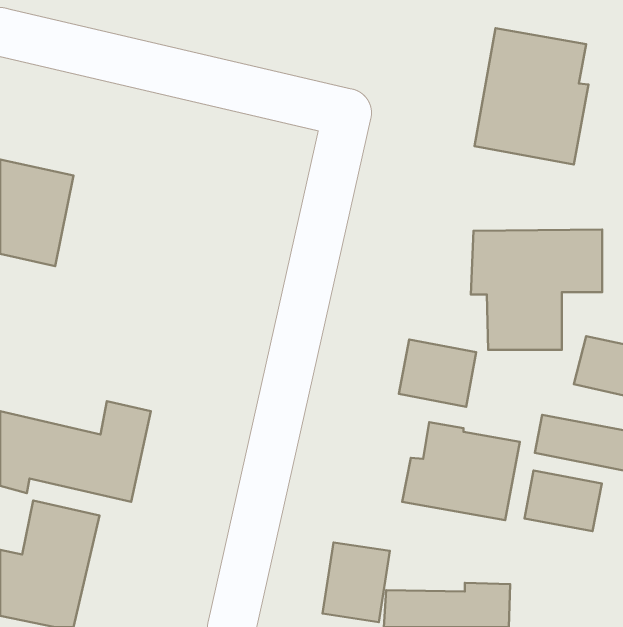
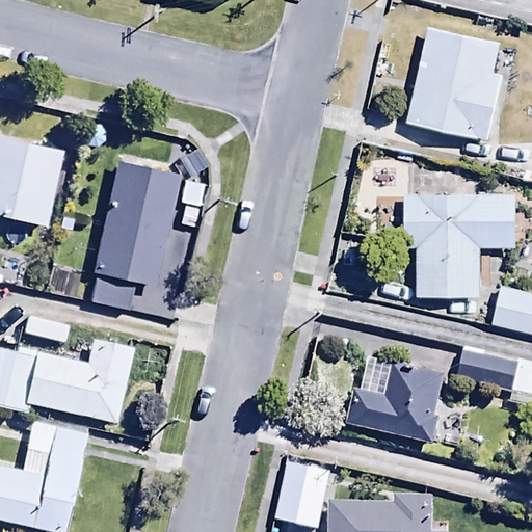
building: none -> [90,158,182,310]
building: [399,340,476,407] -> none
building: [524,471,602,531] -> none

